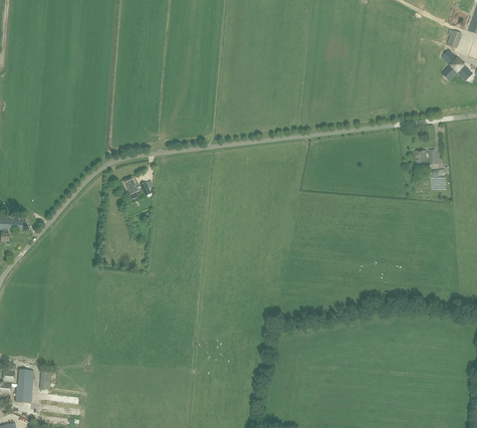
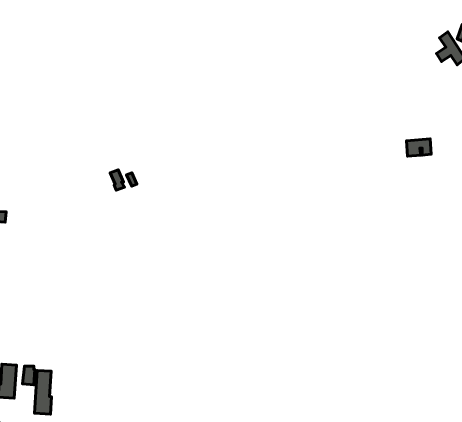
building: none -> [35,371,52,414]

